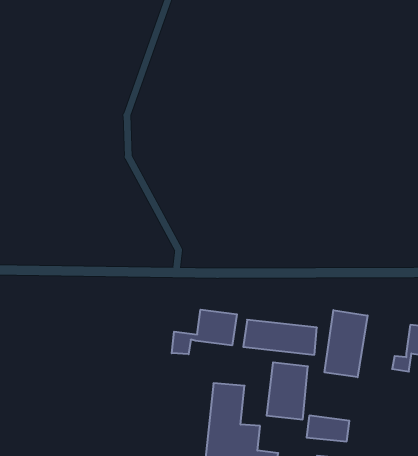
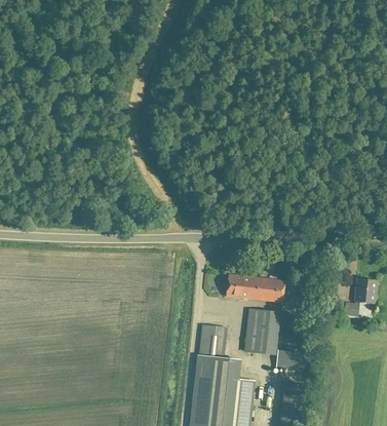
building: [172,310,237,354] -> none
building: [325,310,368,377] -> none

